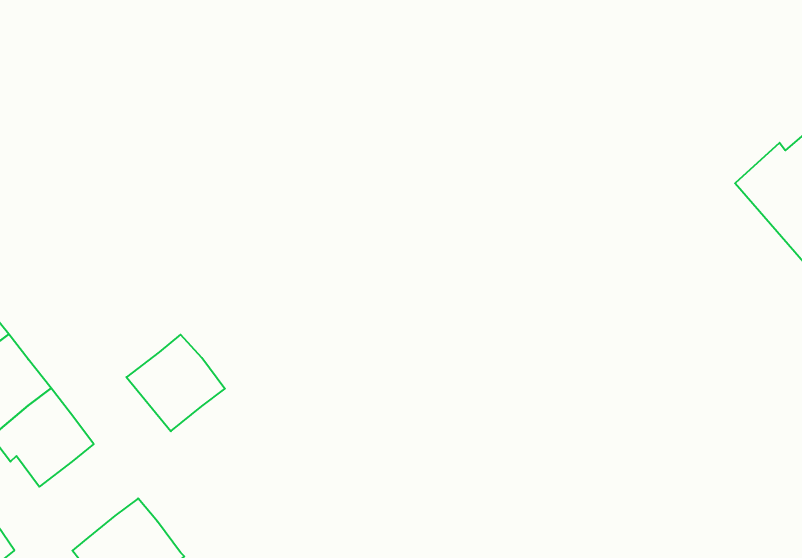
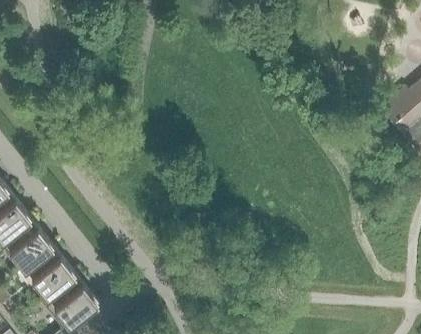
building: [126,335,225,431] -> [21,245,72,295]

